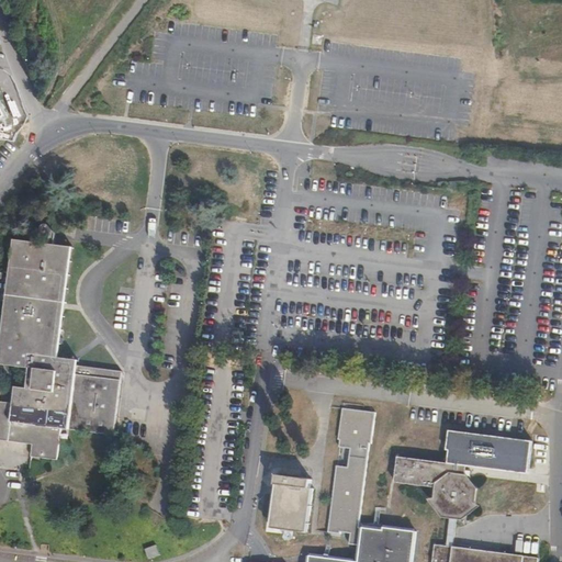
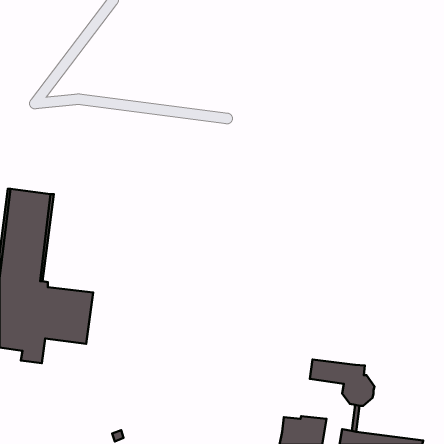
building: [328,409,375,546] -> none
building: [446,431,531,472] -> none
building: [266,473,312,531] -> none

